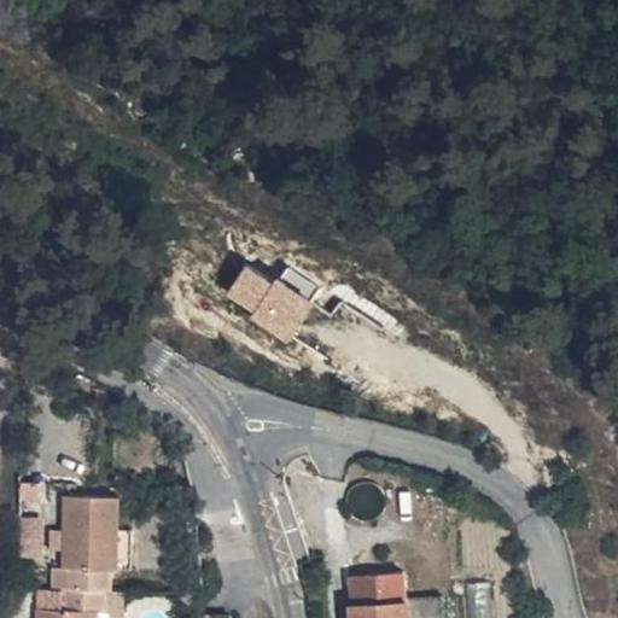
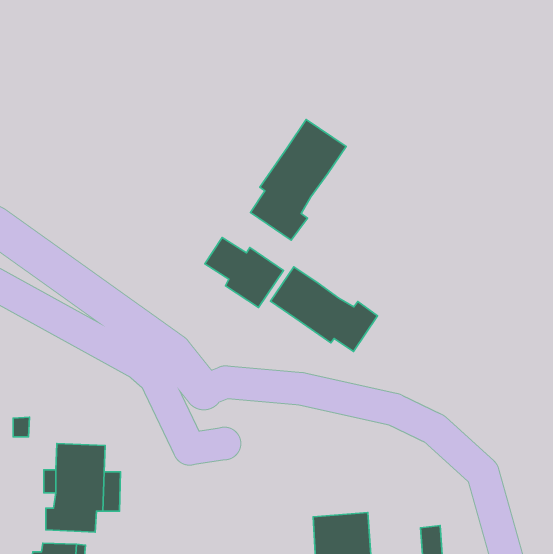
building: none -> [251,120,346,240]
building: none -> [270,267,378,351]

